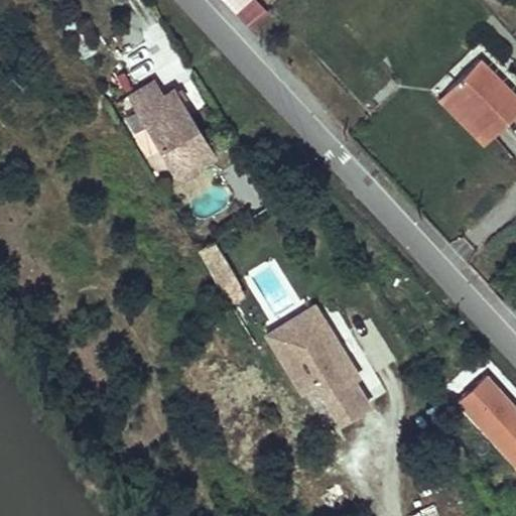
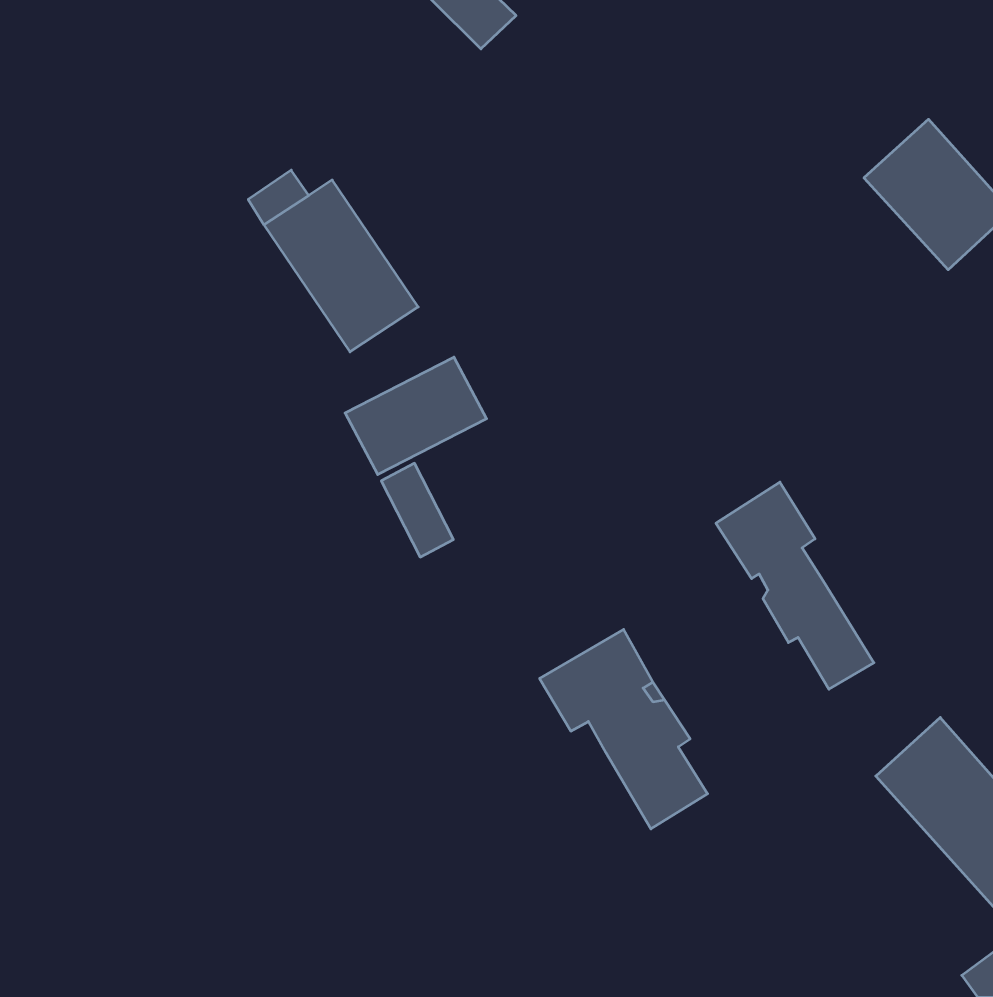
building: none -> [345,357,487,475]
building: none -> [716,482,874,689]
building: [267,309,325,396] -> none

